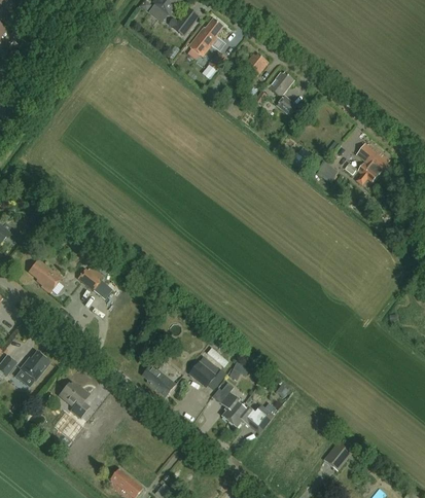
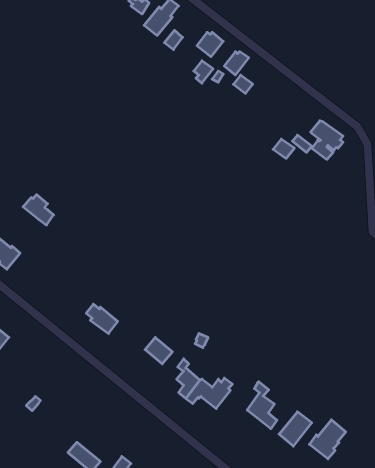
building: [77,265,108,296] -> [23,195,54,225]
building: [143,367,175,397] -> [86,304,118,334]
building: [59,382,90,417] -> none
building: none -> [247,382,277,429]
building: none -> [309,420,346,459]

